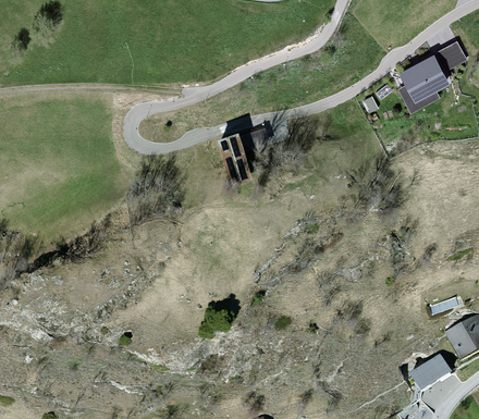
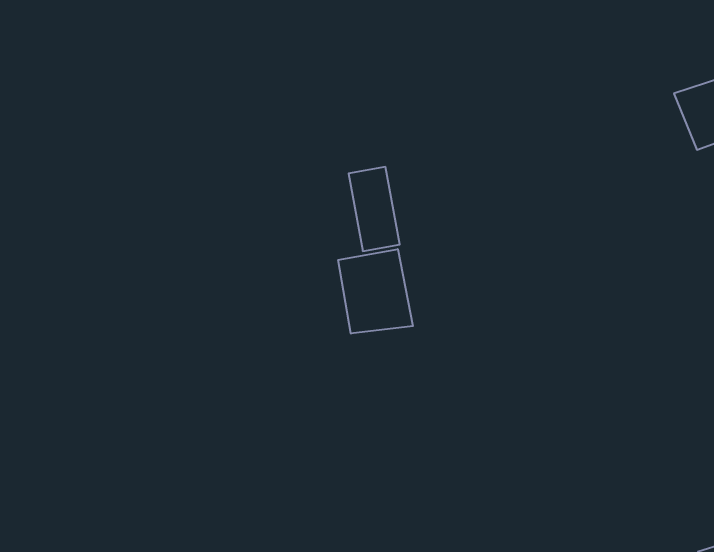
building: none -> [338,249,413,334]

